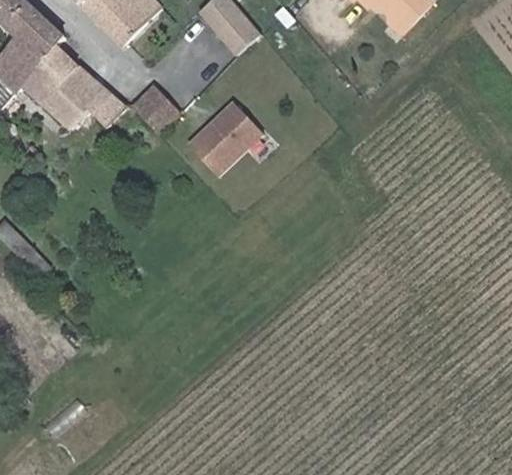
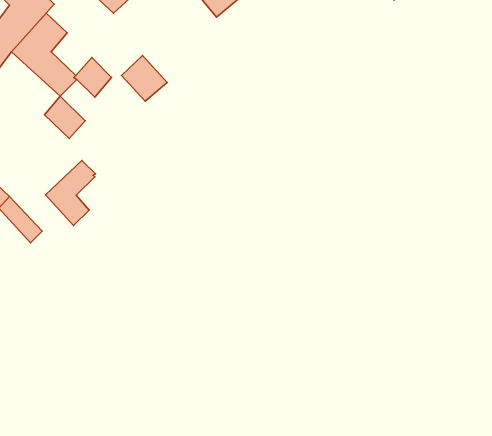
building: [61,65,102,108] -> [44,96,85,139]
building: [179,97,255,172] -> none
building: none -> [45,160,95,225]

